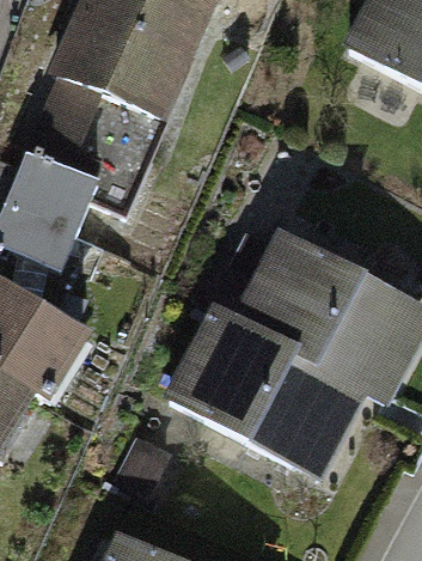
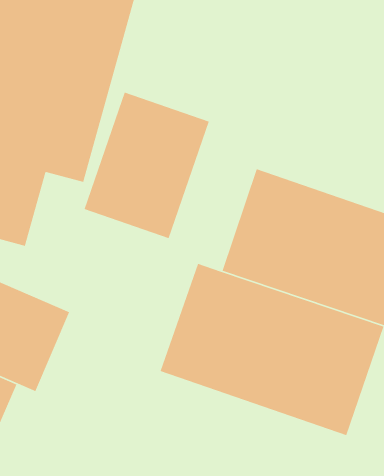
building: none -> [84,91,210,239]

